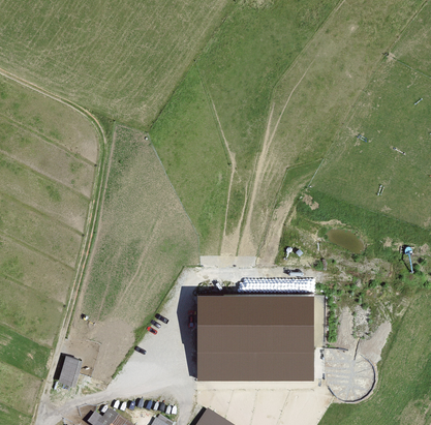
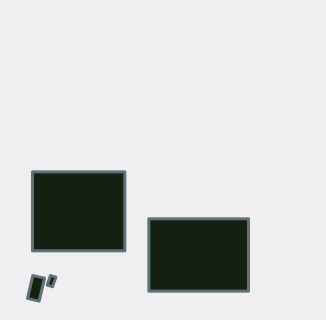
building: none -> [32,172,125,251]

